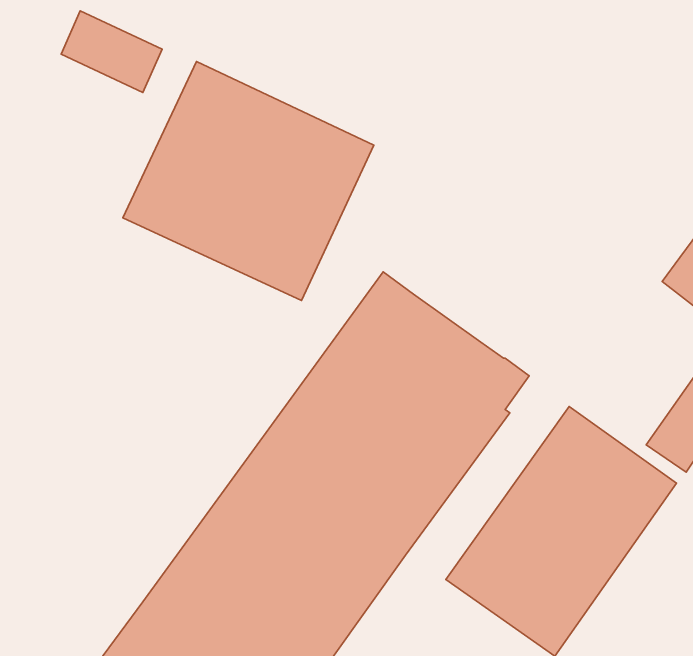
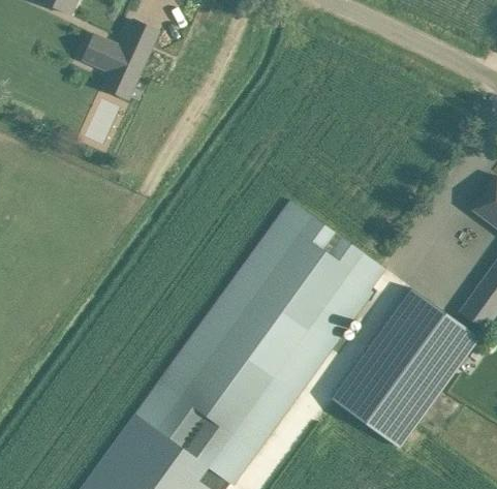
building: [123,61,374,301] -> none

